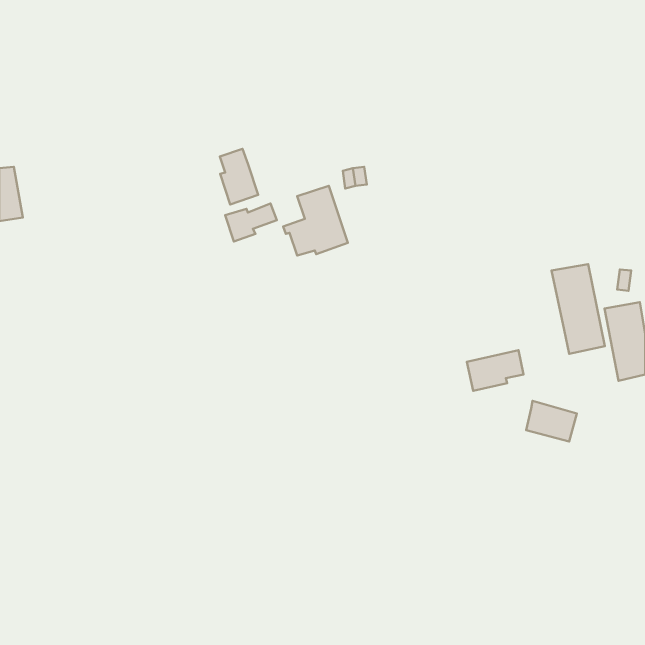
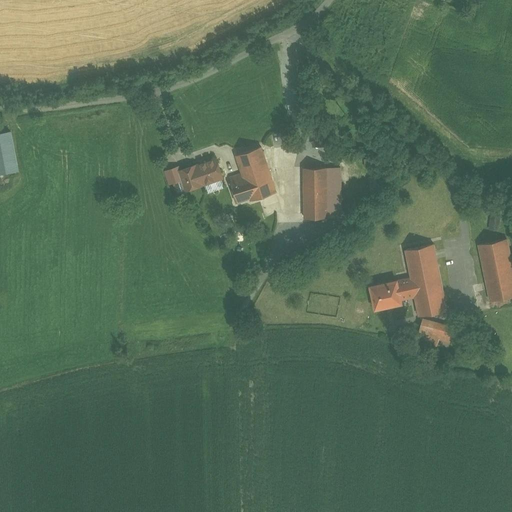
building: [220,149,258,204] -> none
building: none -> [303,168,335,219]
building: [552,264,605,354] -> [404,245,446,316]

